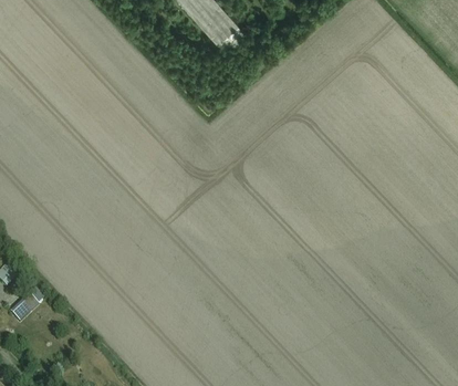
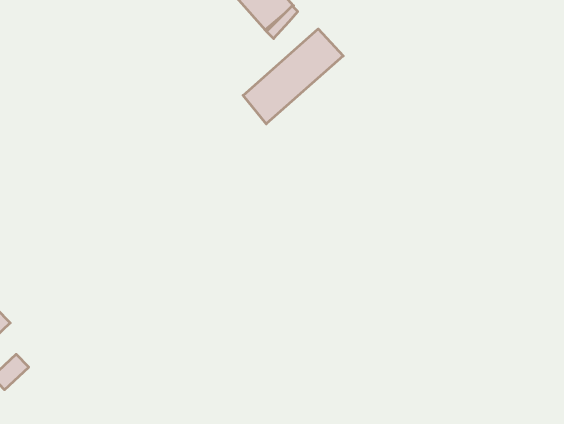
building: none -> [243,29,343,124]

